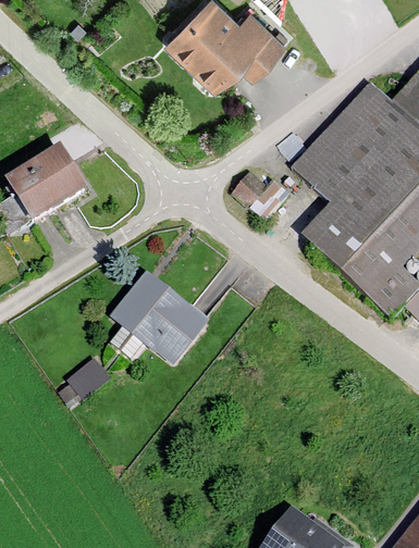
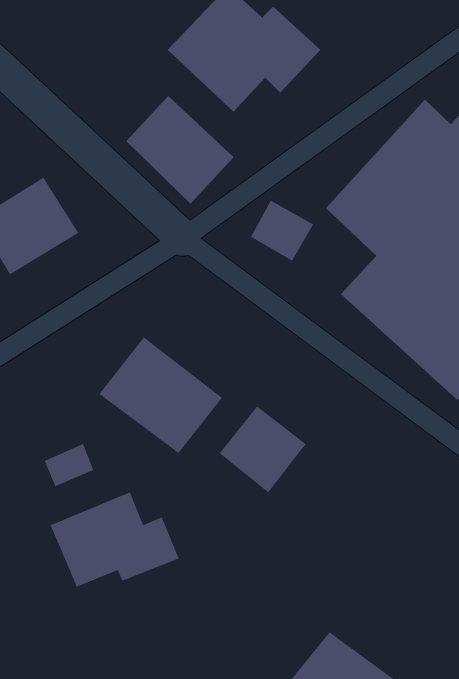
building: none -> [125,95,234,205]
building: none -> [219,405,306,493]
building: none -> [50,492,179,587]

